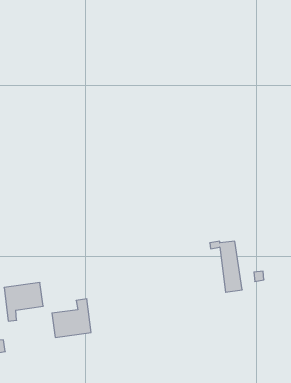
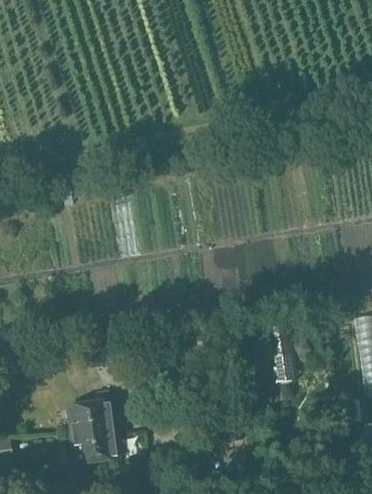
building: [4,283,43,321] -> [72,430,119,476]

